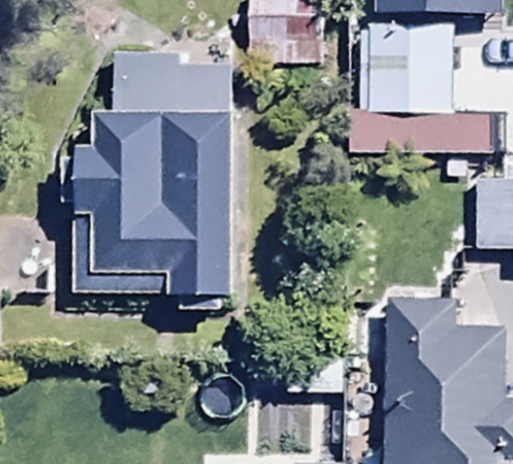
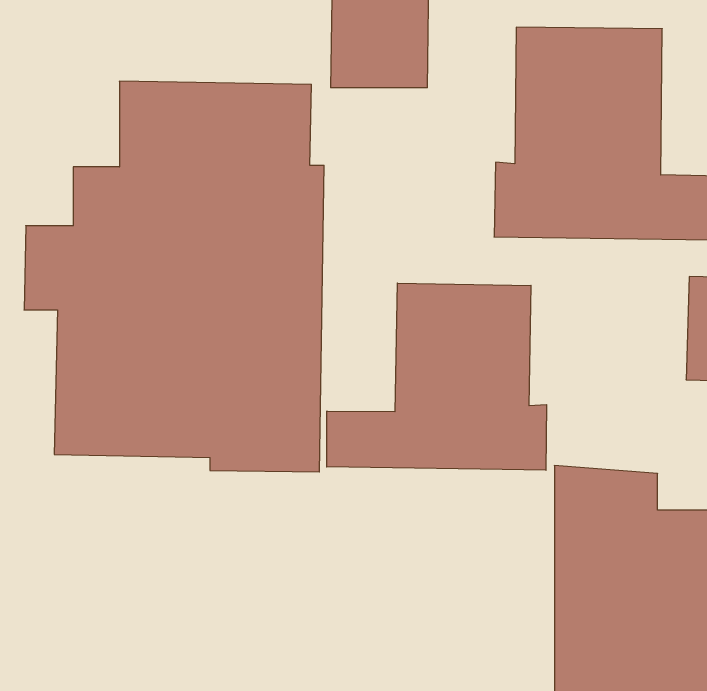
building: none -> [327,283,546,470]

